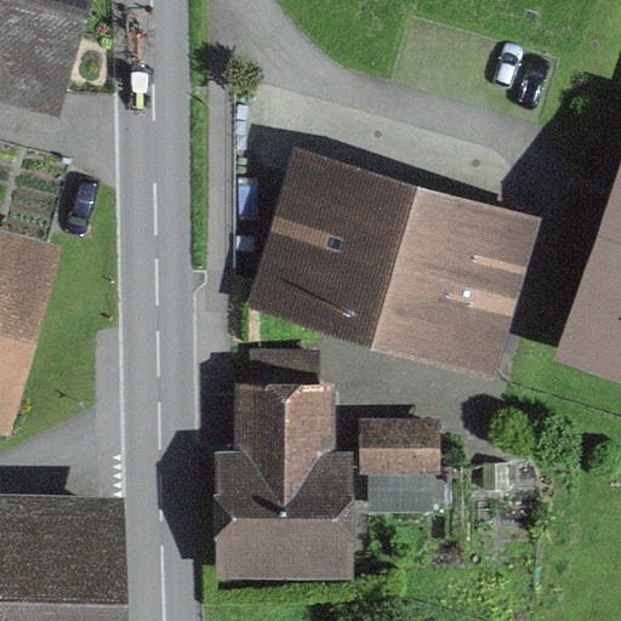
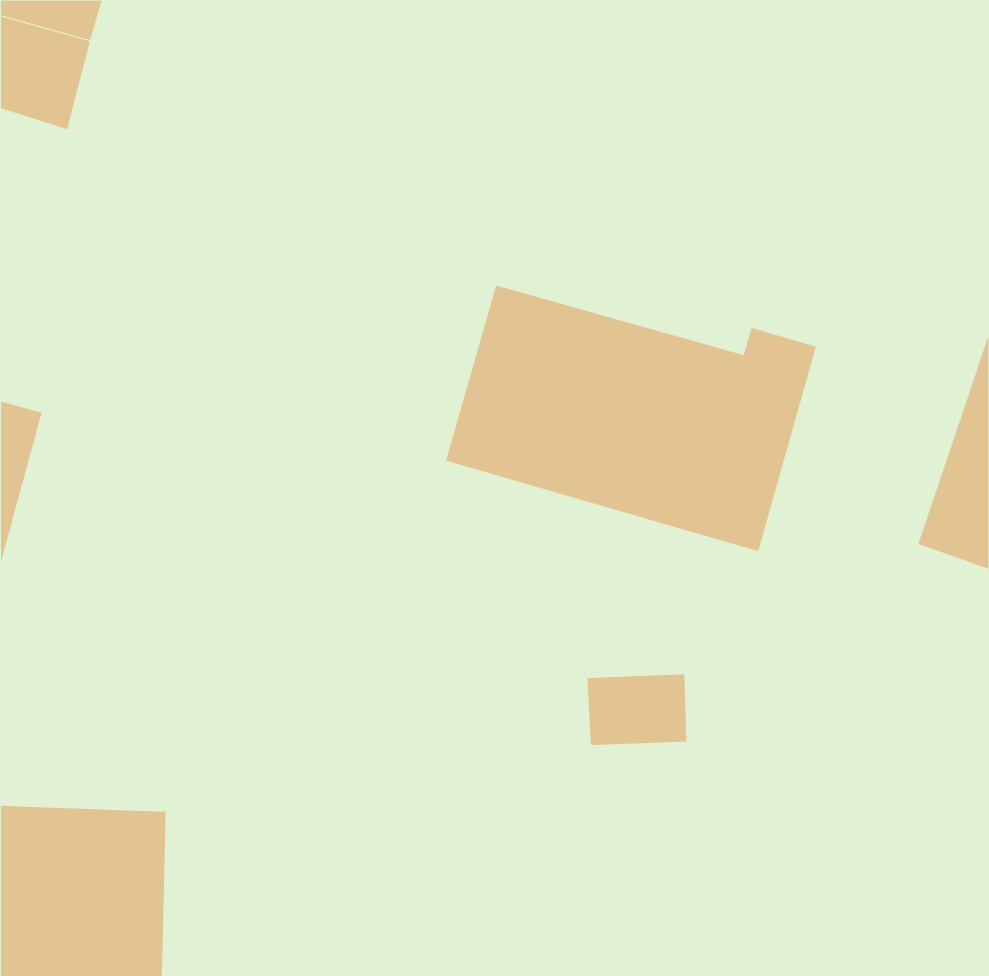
building: [230,363,336,565] -> none

